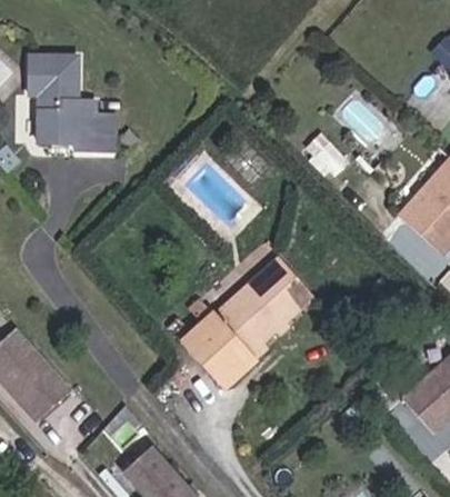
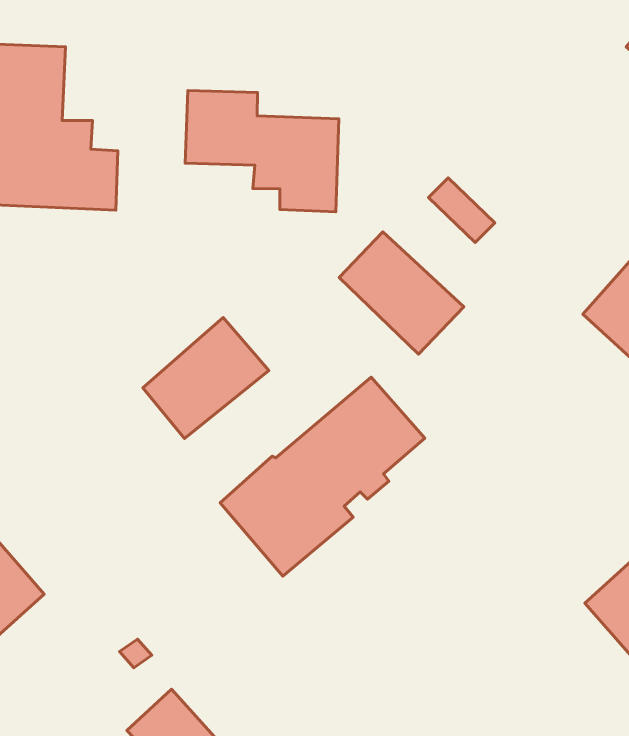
building: none -> [185,91,339,212]
building: none -> [339,232,464,354]
building: none -> [143,317,269,438]

